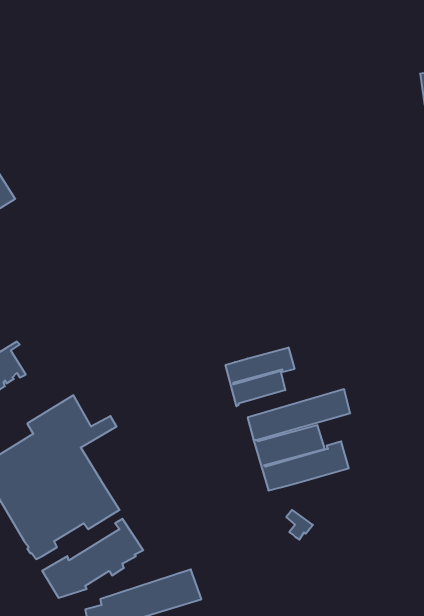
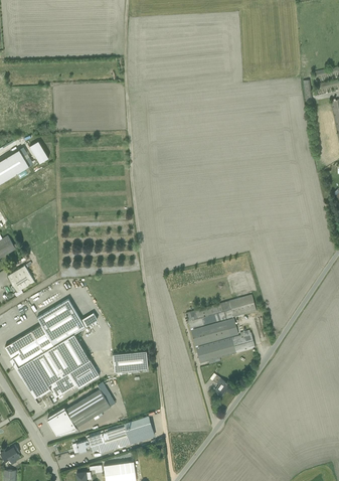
building: [226,347,294,406] -> none
building: none -> [112,351,147,372]

